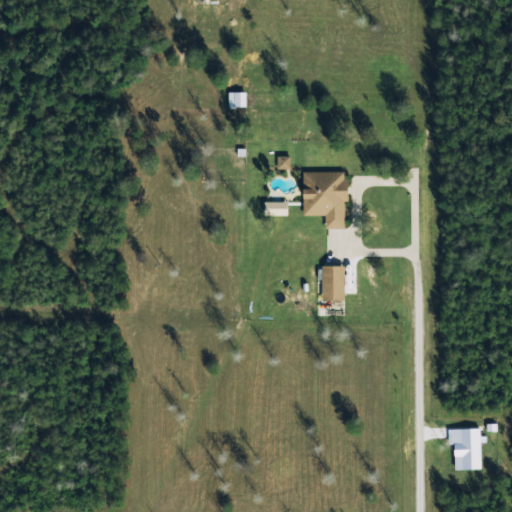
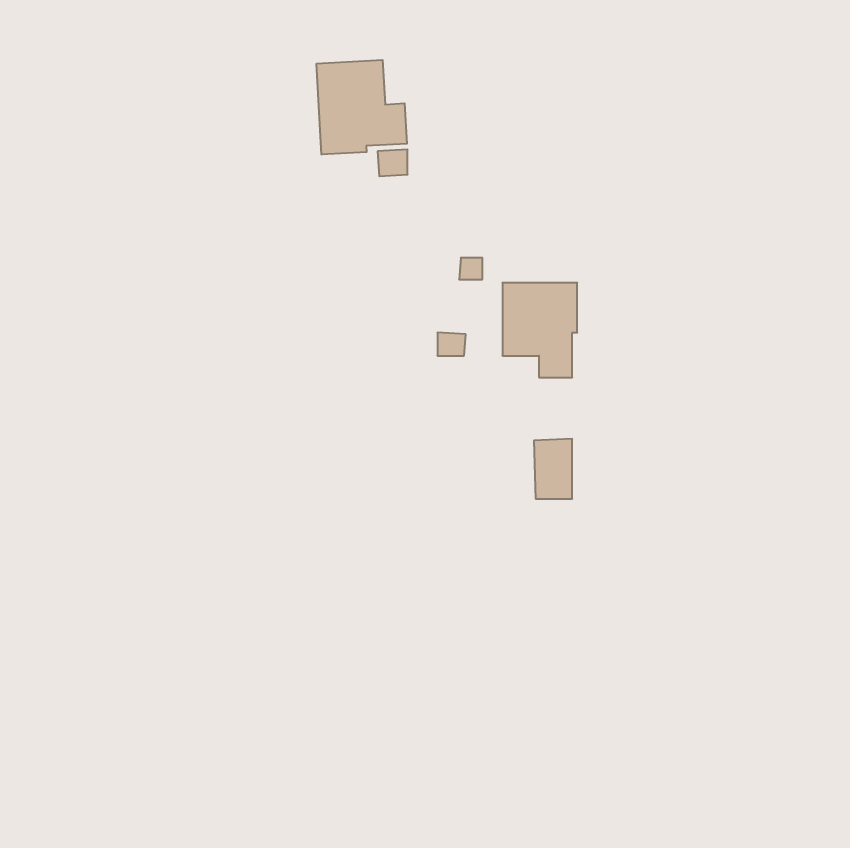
building: none -> [317,60,407,155]
building: [455,428,485,470] -> none

